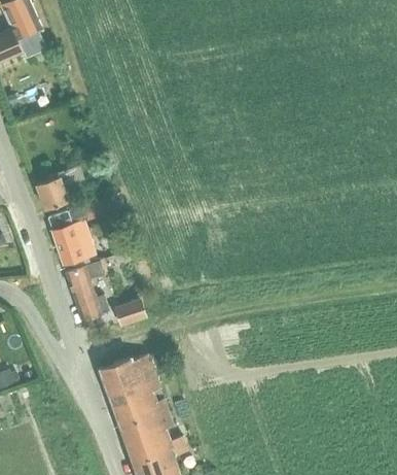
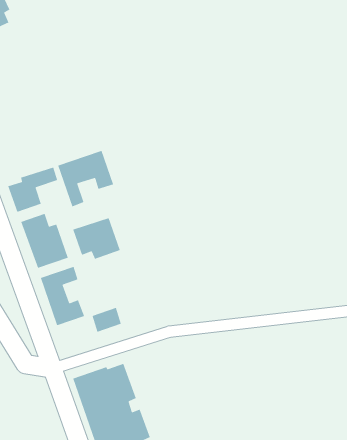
building: none -> [57,150,114,208]
building: none -> [72,217,121,260]

